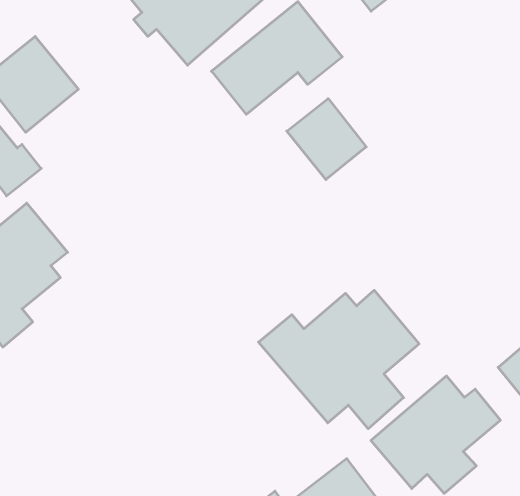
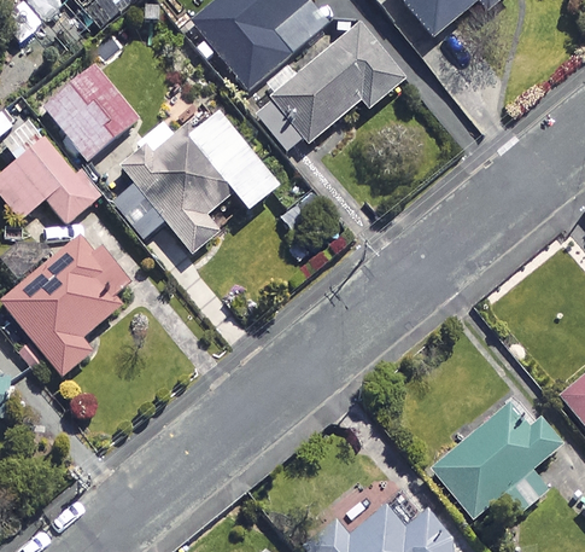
building: none -> [109,109,279,257]
building: [287,99,366,180] -> none
building: [258,290,419,429] -> none

